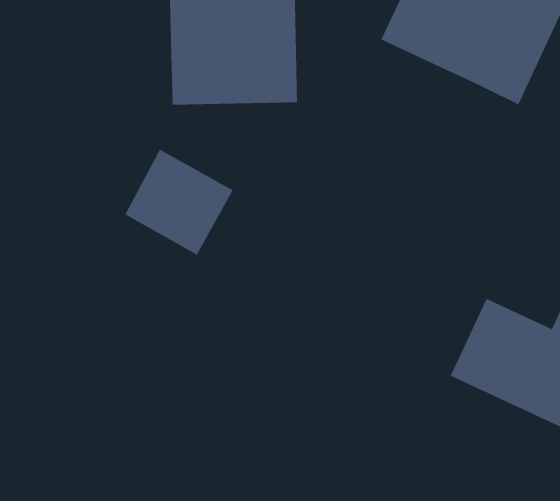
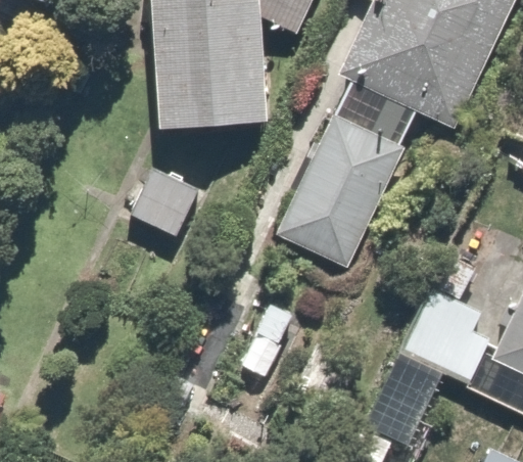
building: none -> [274,72,424,265]

